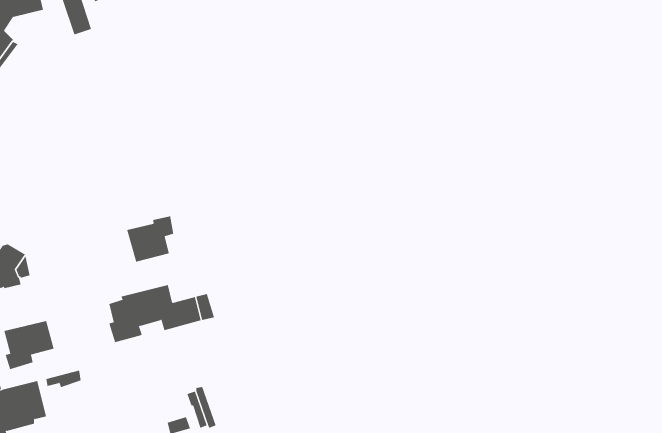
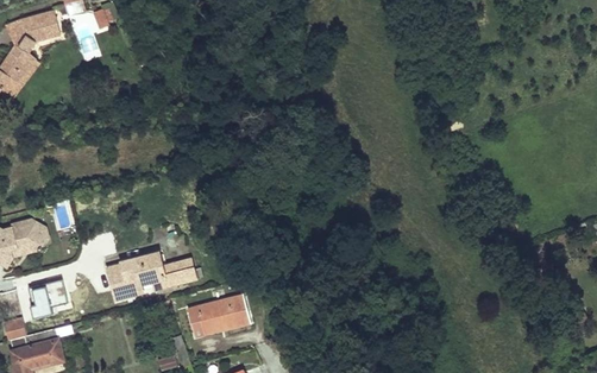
building: [127,215,174,262] -> none
building: none -> [187,293,250,336]

